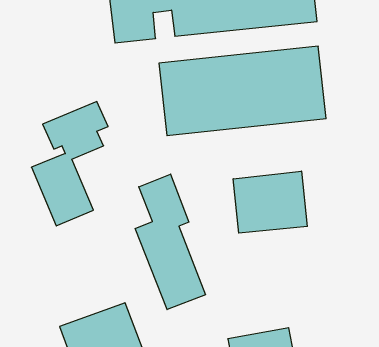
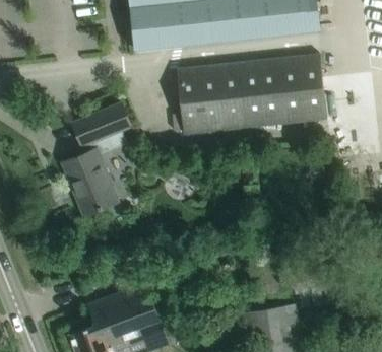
building: [233,171,307,233] -> none
building: [135,174,206,310] -> none

